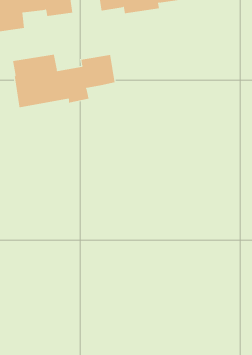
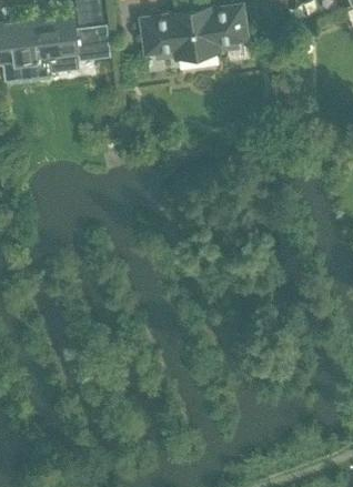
building: [13,54,115,108] -> none

